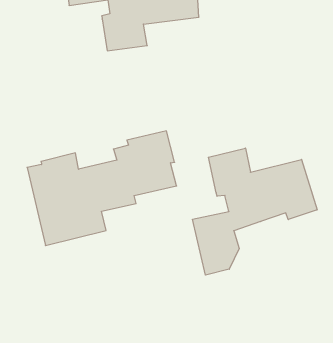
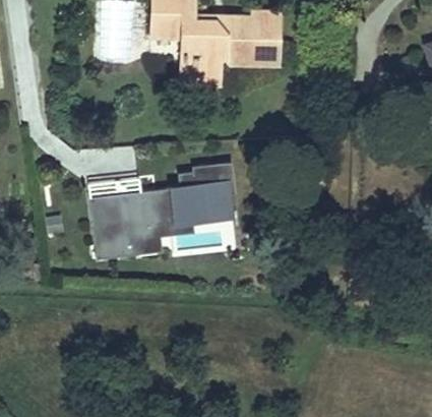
building: [193,148,317,275] -> none

